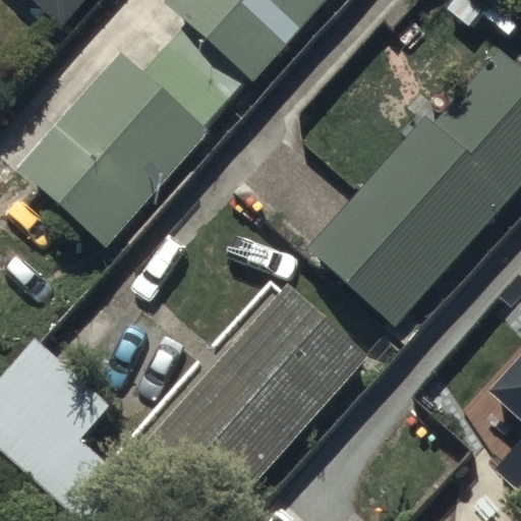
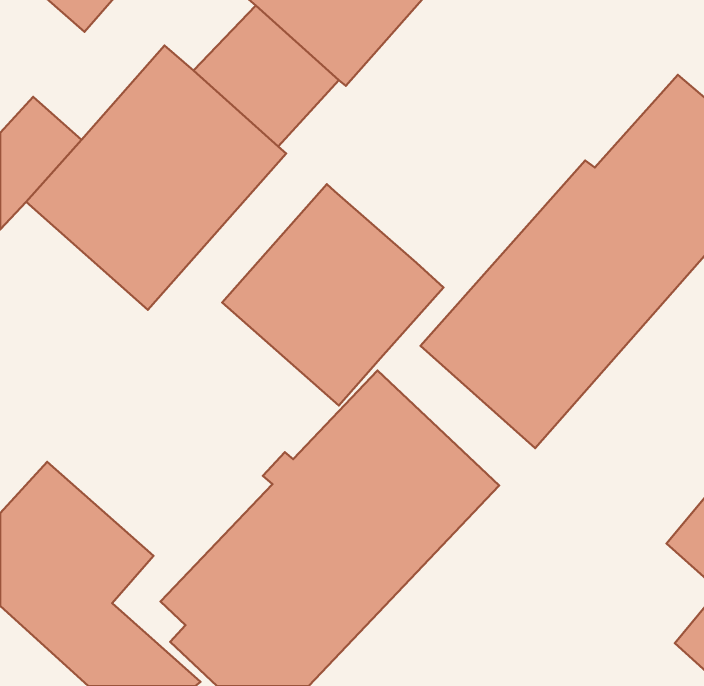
building: none -> [222,184,444,406]

